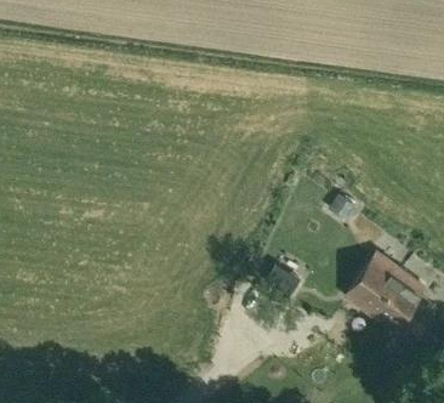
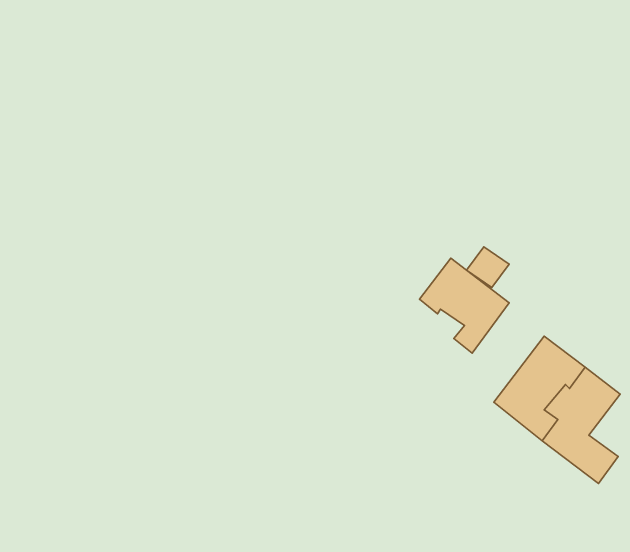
building: none -> [419,258,509,353]

